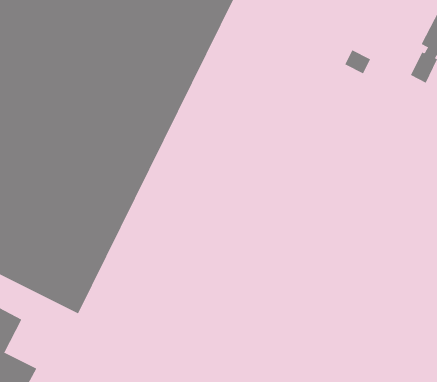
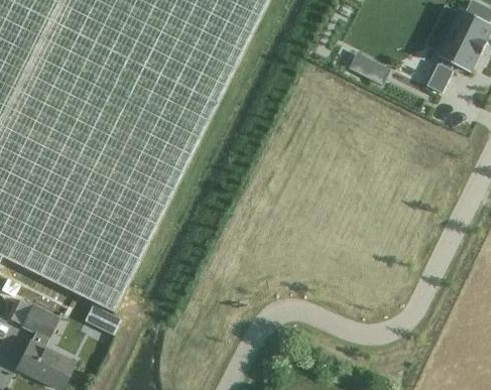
building: none -> [85,304,121,335]

